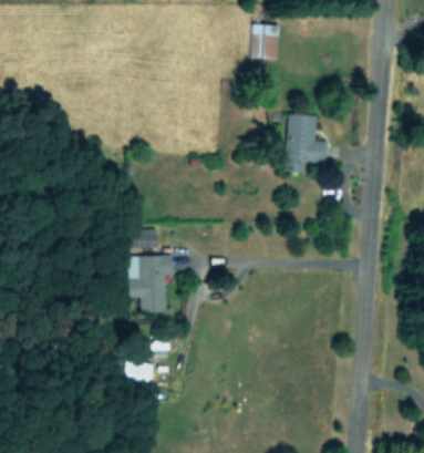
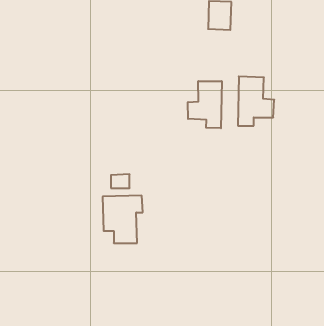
building: none -> [188,81,222,128]
building: [121,359,154,384] -> none

